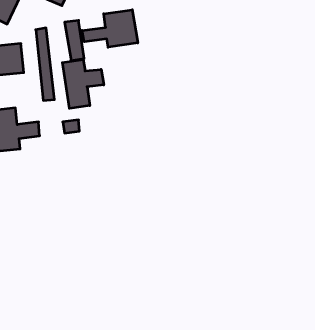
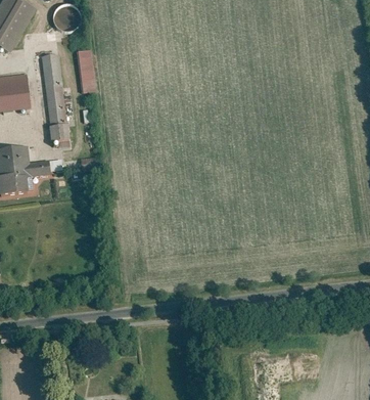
building: [82,10,138,47] -> none
building: [62,59,104,108] -> none

